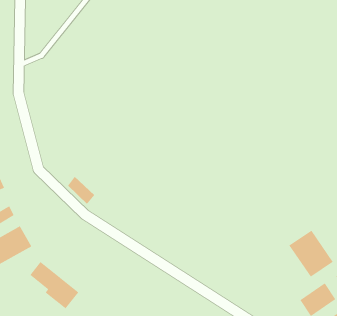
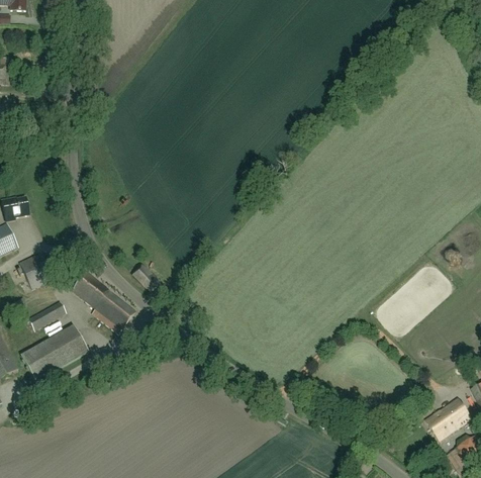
building: [289,230,334,278] -> none
building: [30,261,79,309] -> [72,273,134,333]

